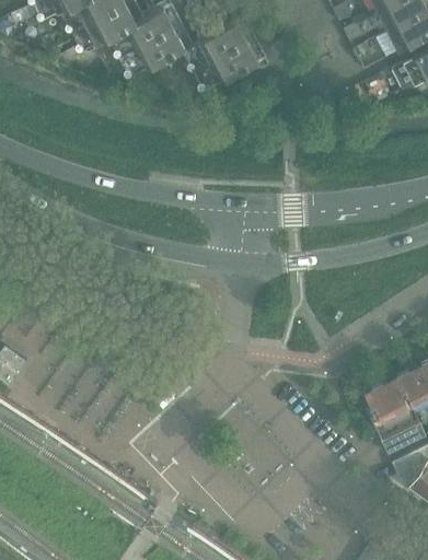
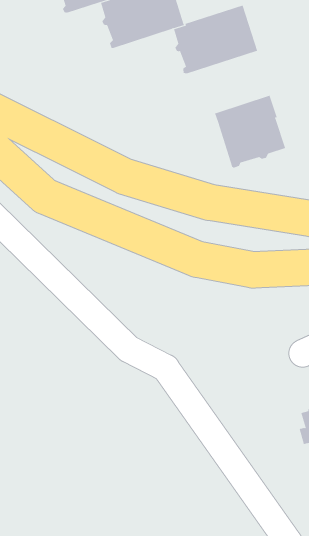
building: none -> [214,95,286,169]

